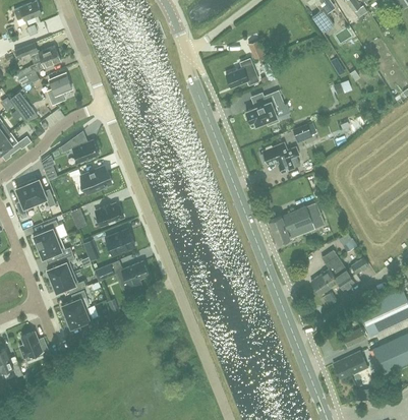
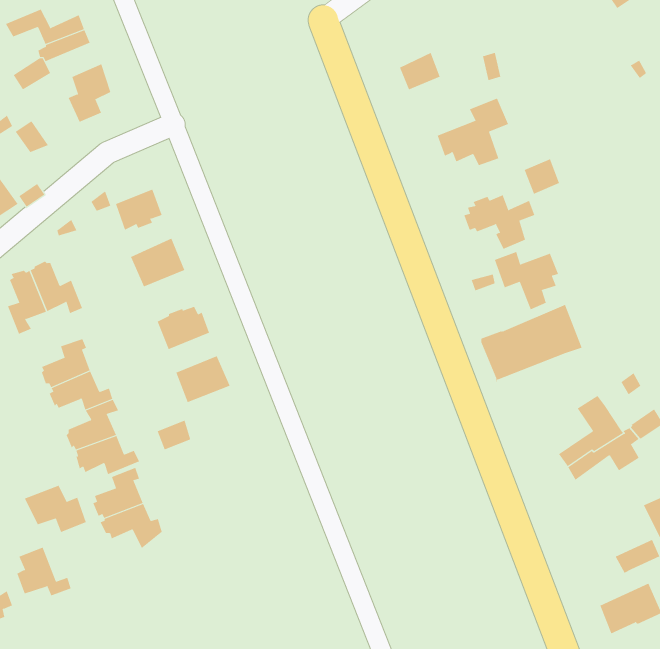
building: none -> [494,251,559,310]
building: [121,261,148,288] -> none
building: none -> [24,485,87,533]

